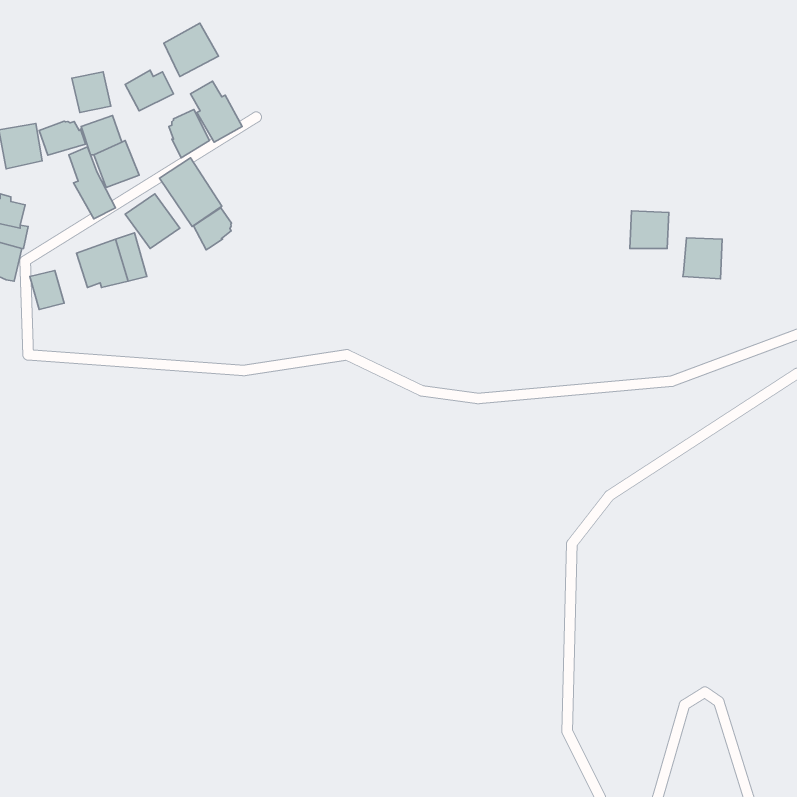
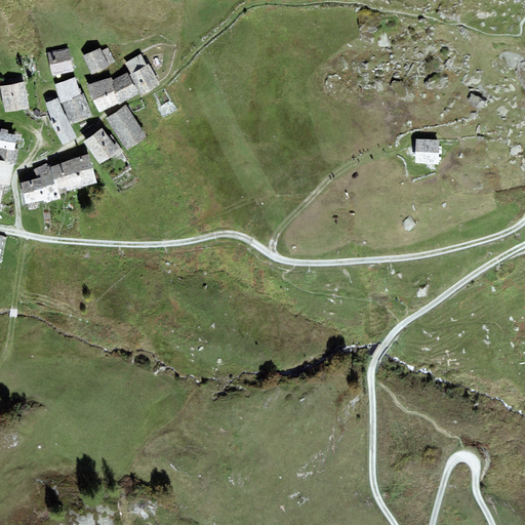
building: [164,23,218,77] -> none
building: none -> [86,76,118,111]
building: [39,121,86,155] -> none
building: [194,208,232,250] -> none
building: [683,238,722,279] -> none
building: none -> [34,162,60,201]

